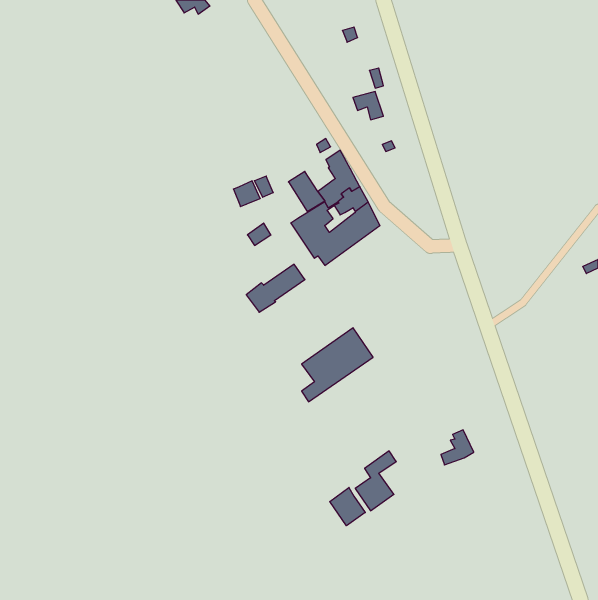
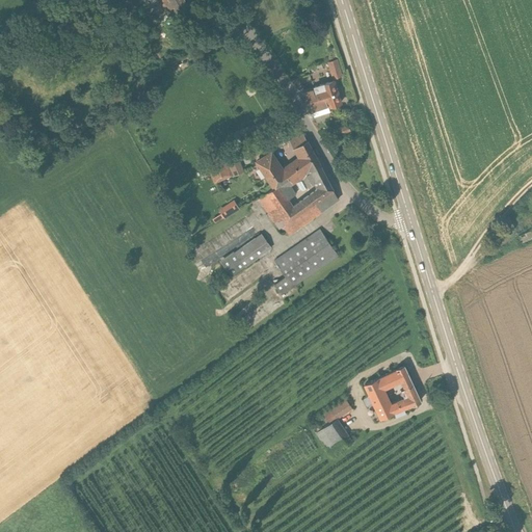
building: none -> [301,86,328,112]
building: [302,328,373,402] -> [273,229,337,294]
building: none -> [363,366,410,418]
building: [330,487,365,526] -> none

